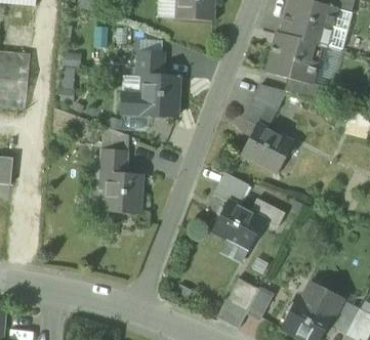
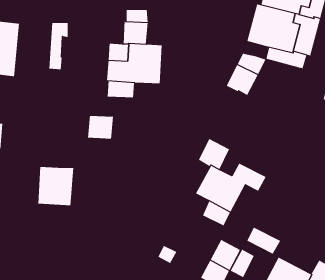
building: [241,123,293,172] -> none
building: [104,172,141,213] -> [38,166,74,206]
building: [303,284,339,312] -> [247,227,281,255]

